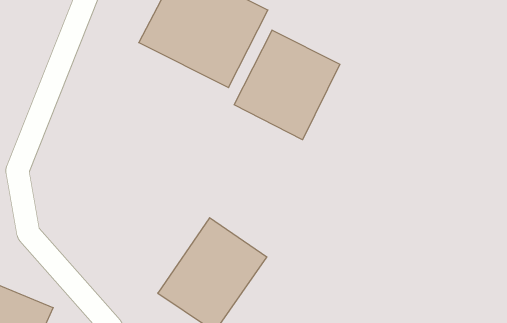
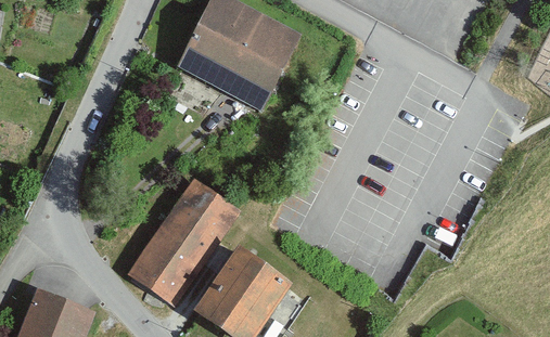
building: [234,30,340,140] -> none
building: none -> [119,169,240,303]

